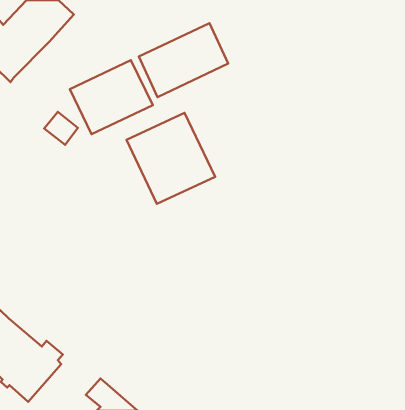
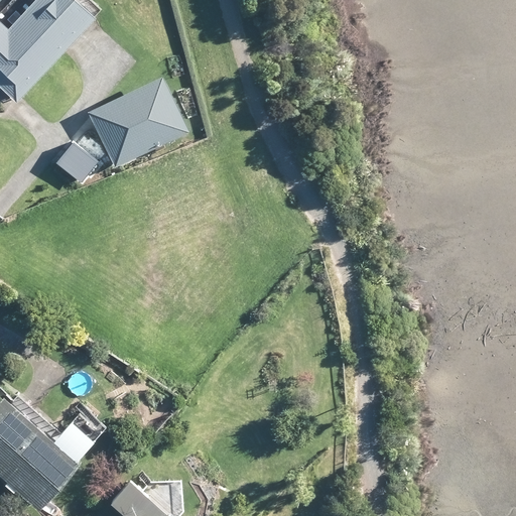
building: [139,23,228,97] -> none
building: [127,113,215,204] -> none

